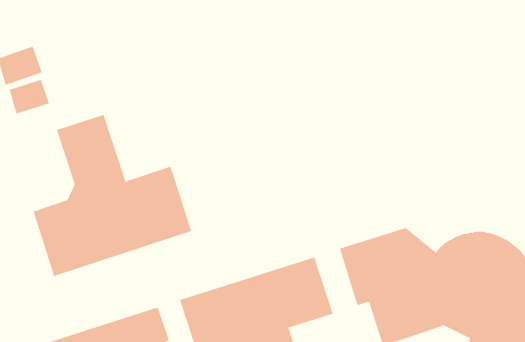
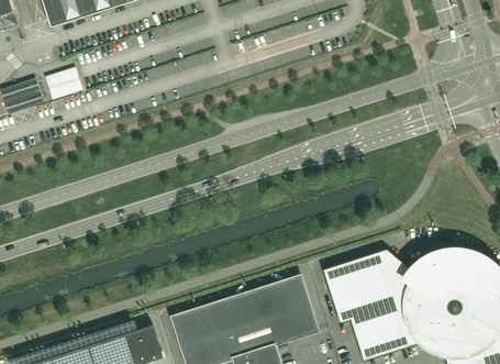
building: [9,79,50,114] -> [44,68,82,101]
building: [33,114,192,277] -> none

